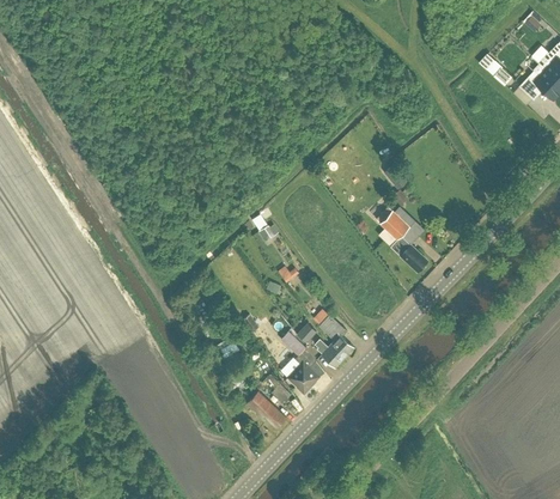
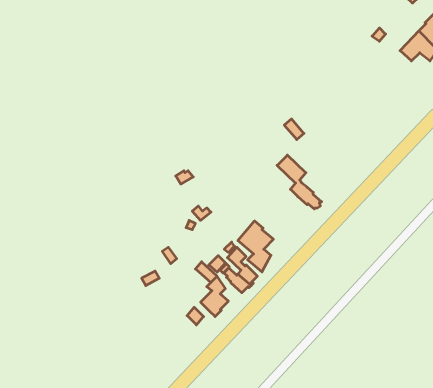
building: none -> [238,221,273,272]
building: [246,391,287,430] -> none

